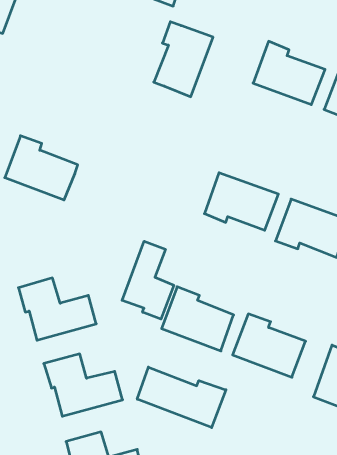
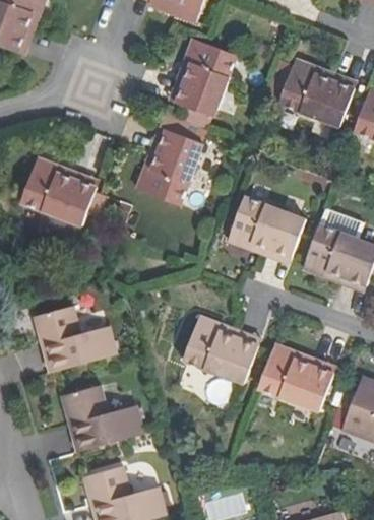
building: none -> [136,130,203,205]
building: [122,241,174,319] -> none
building: [137,367,226,428] -> none

